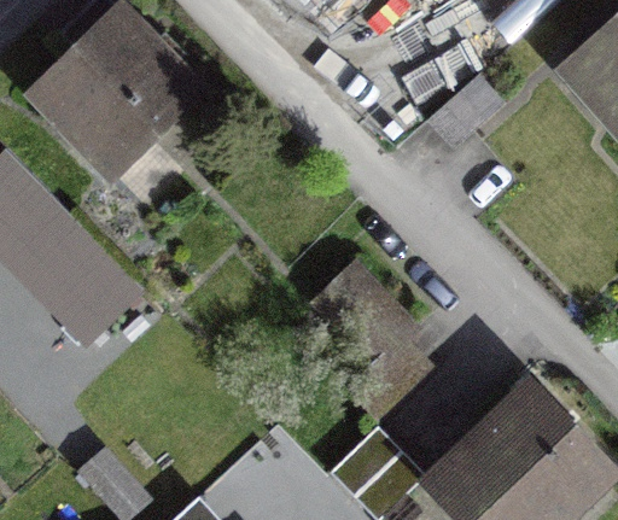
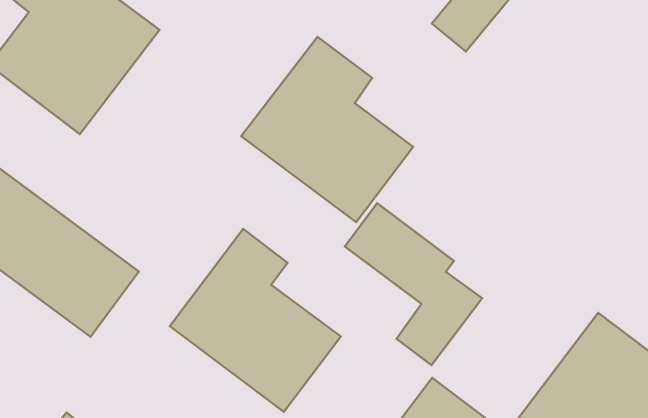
building: none -> [241,37,413,222]
building: none -> [170,229,341,412]

